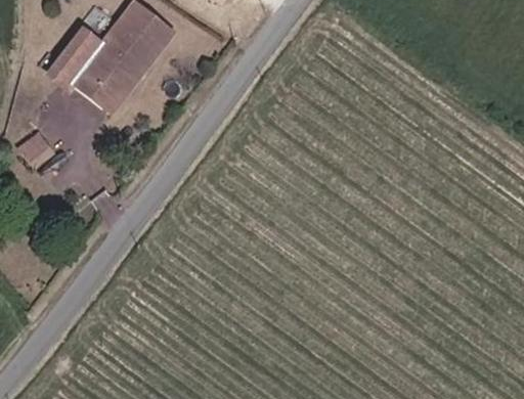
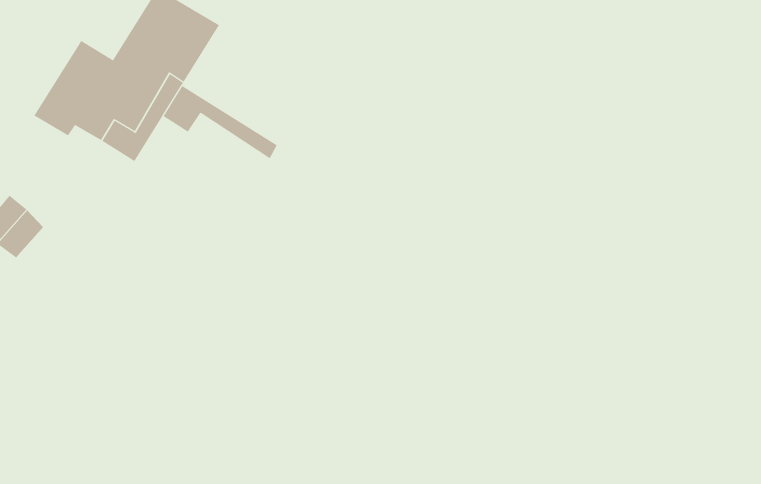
building: none -> [163,85,277,159]

